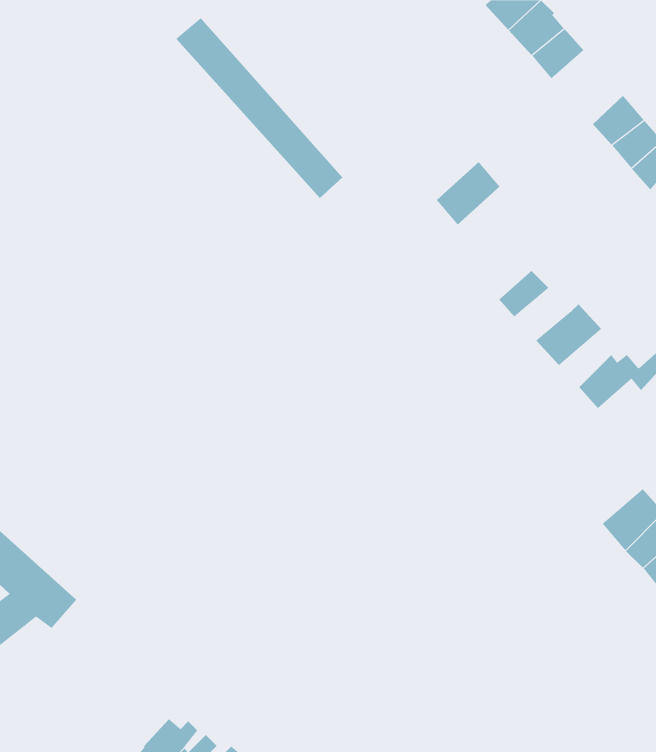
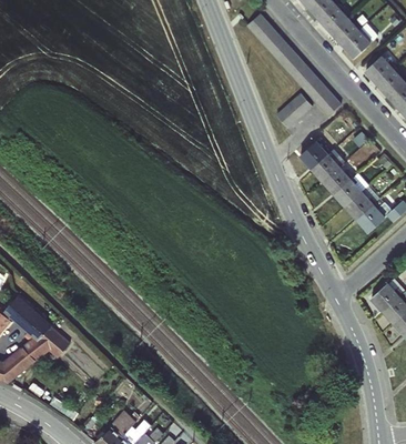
building: [176,18,343,199] -> [245,13,341,117]
building: none -> [341,29,371,59]
building: none -> [297,140,329,171]
building: none -> [319,164,352,194]
building: none -> [345,188,379,221]

